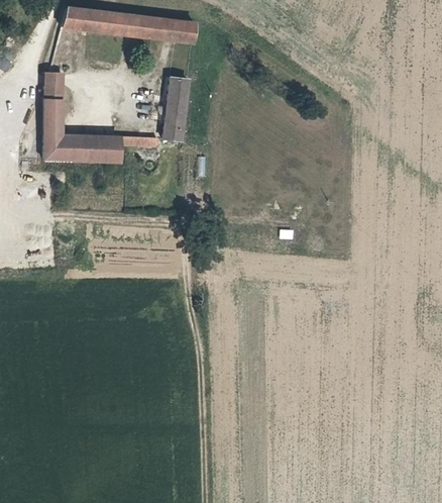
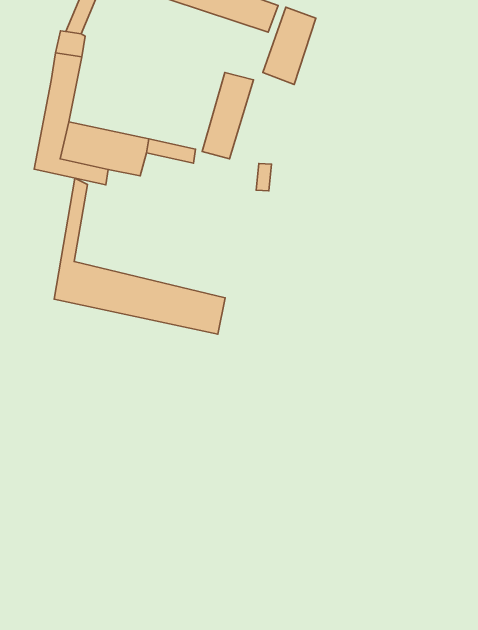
building: none -> [263,7,316,84]
building: none -> [54,178,225,334]

